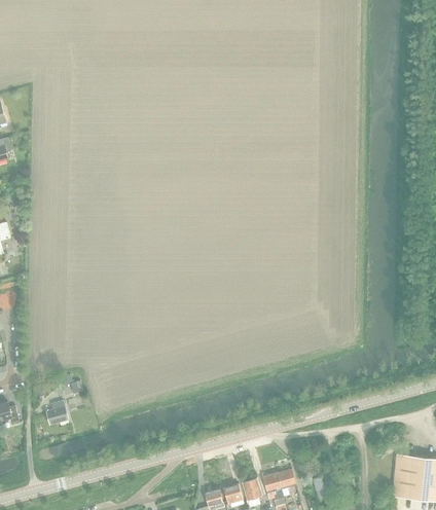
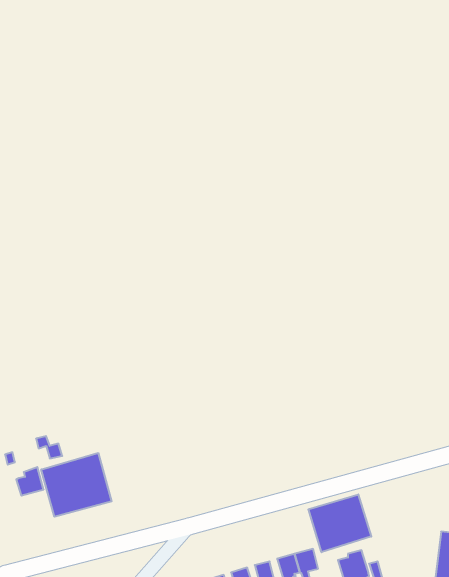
building: none -> [41,453,112,517]
building: none -> [308,494,371,552]

